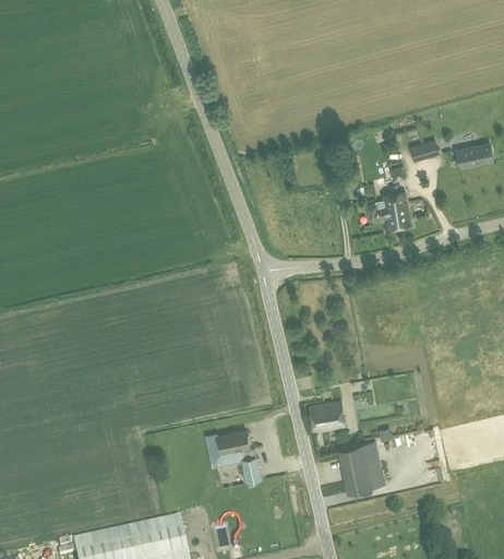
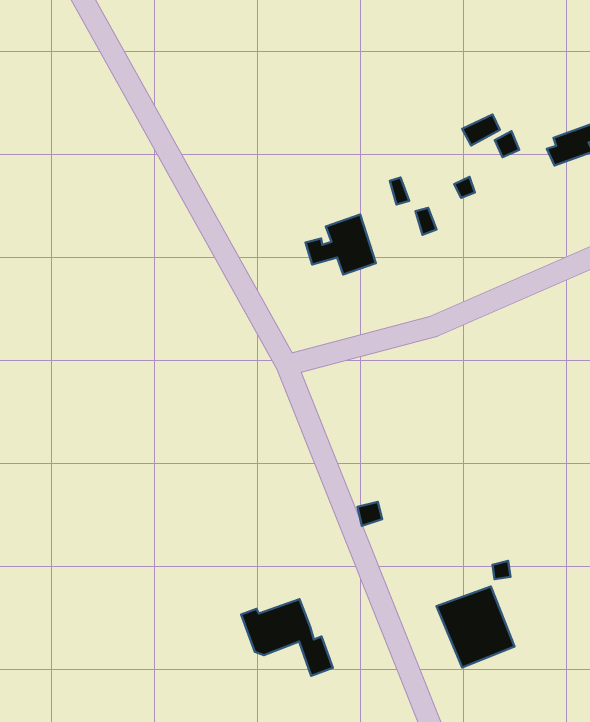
building: [365,191,410,229] -> [305,215,376,275]
building: [308,401,345,431] -> none

